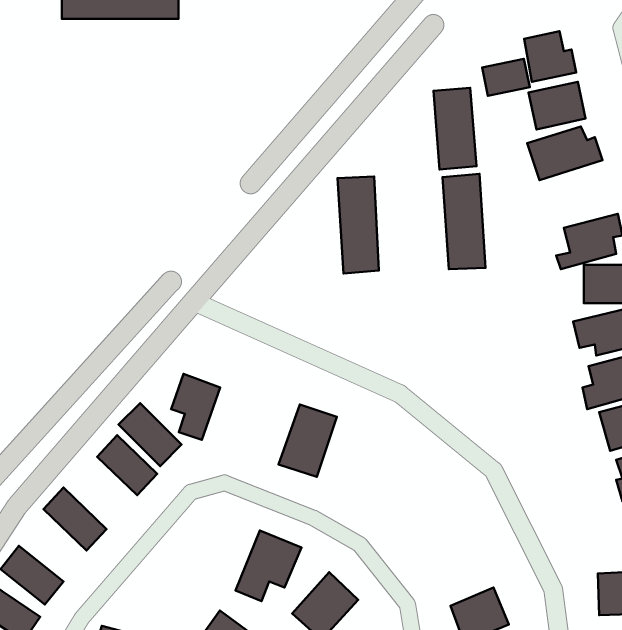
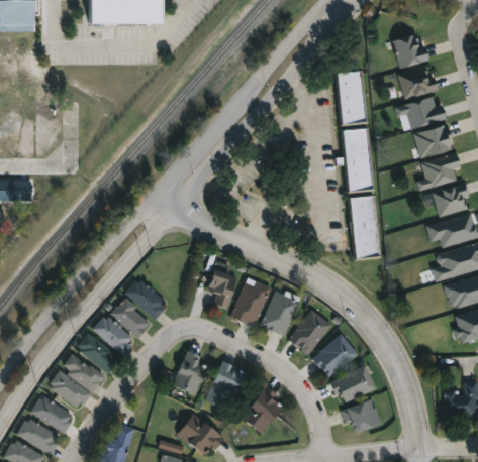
building: [482,59,530,96] -> none
building: none -> [412,125,450,156]
building: [337,177,379,273] -> [346,195,373,258]
building: [171,374,220,440] -> [208,266,241,310]
building: none -> [261,292,299,336]
building: none -> [288,310,332,355]
building: none -> [93,315,134,355]
building: none -> [312,333,360,378]
building: none -> [172,350,209,396]
building: none -> [63,354,103,391]
building: none -> [331,365,378,405]

